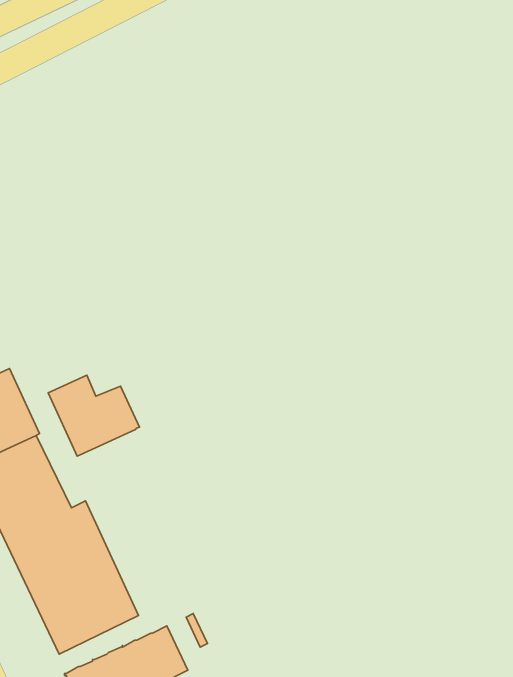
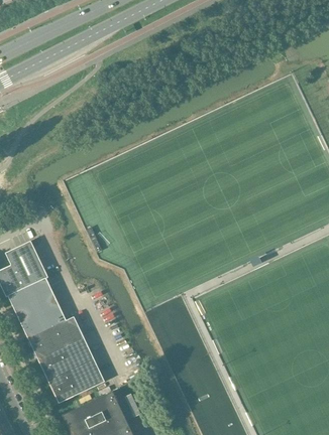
building: [48,375,140,456] -> none

